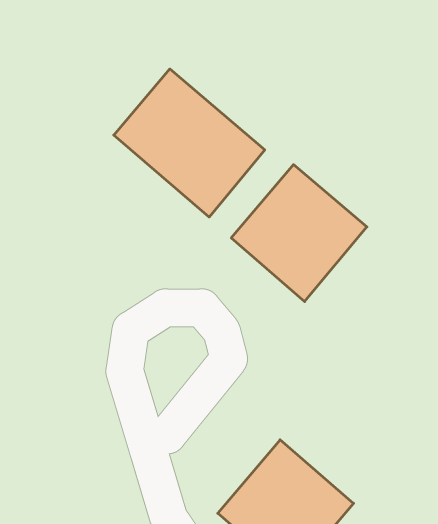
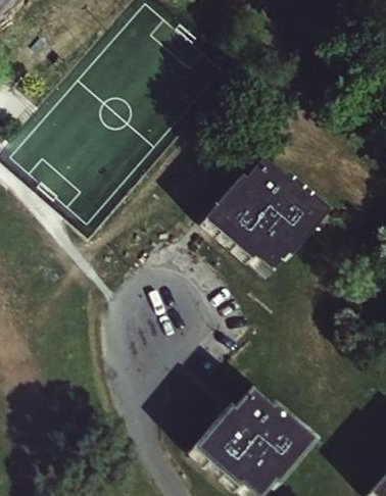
building: [114,69,265,217] -> none

